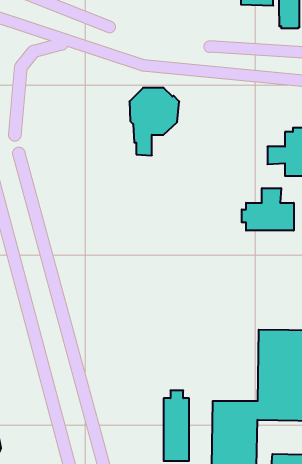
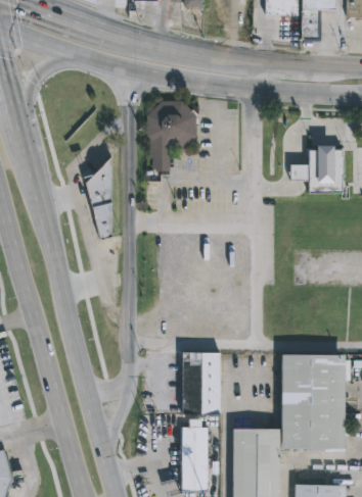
building: none -> [84,157,111,241]
building: [242,188,294,231] -> none
building: none -> [182,353,220,415]

